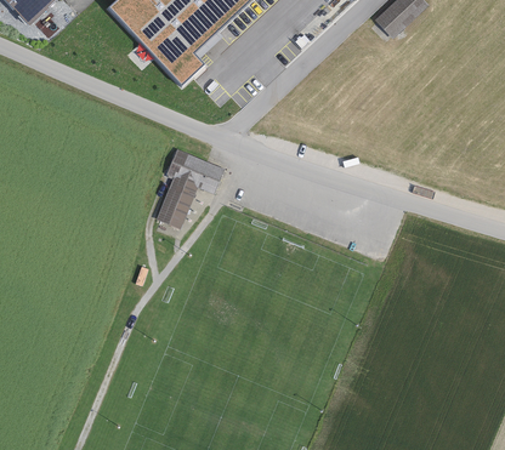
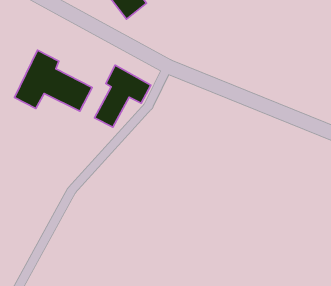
building: none -> [15,50,92,111]

